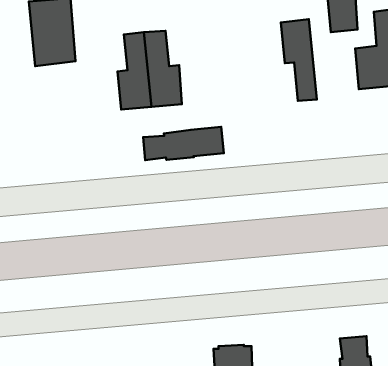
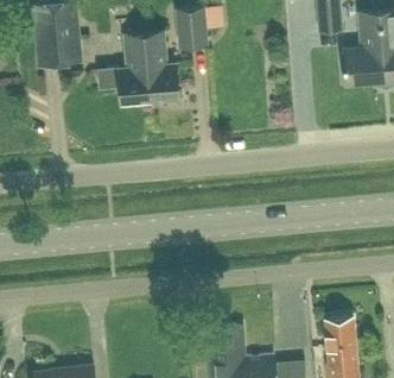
building: none -> [176,8,206,48]
building: [281,19,317,101] -> none
building: [143,127,224,160] -> none

